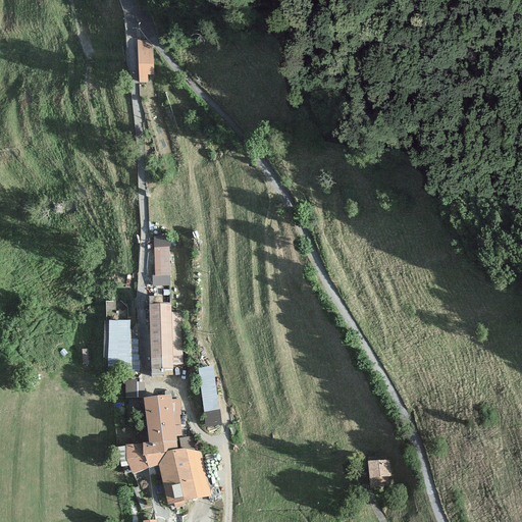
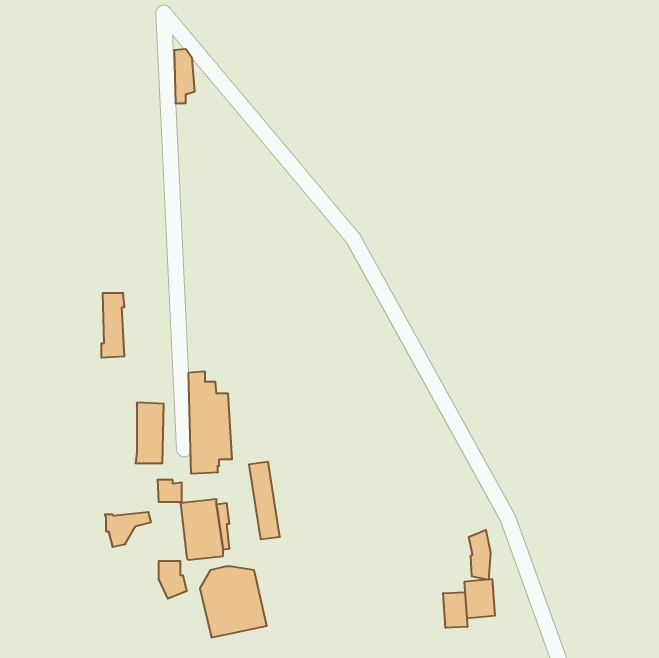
building: [152,234,170,285] -> [101,293,124,358]
building: none -> [469,530,490,580]
building: [142,439,178,467] -> [105,512,151,547]
building: none -> [443,592,467,628]

